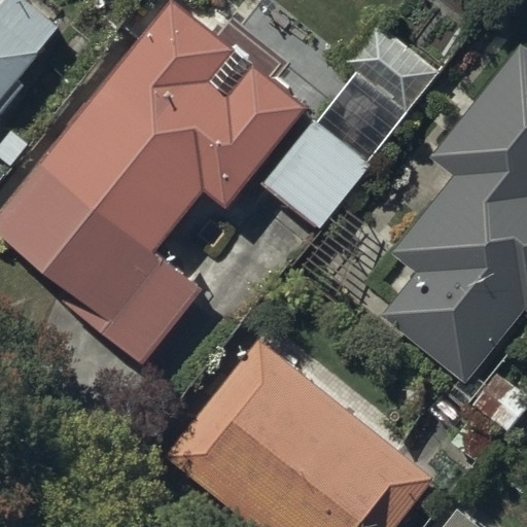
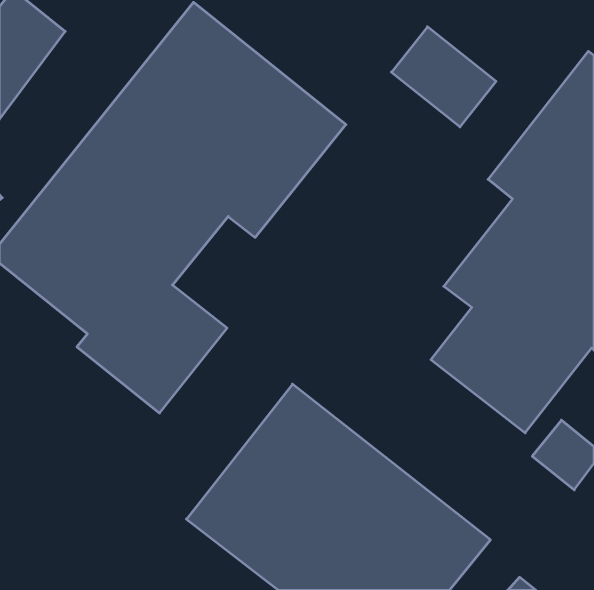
building: [265,122,371,231] -> none

